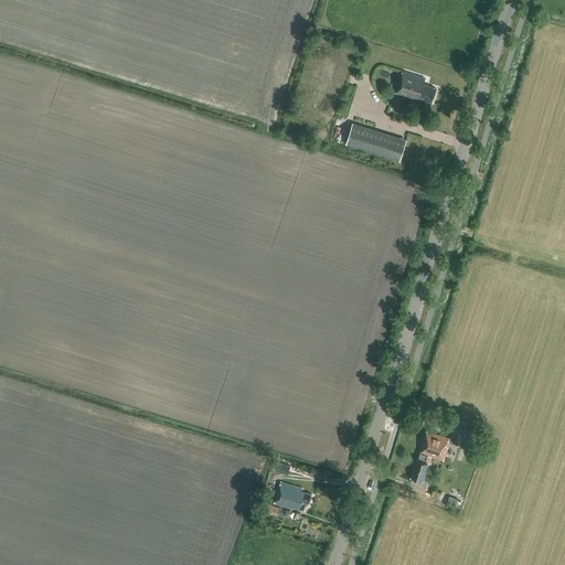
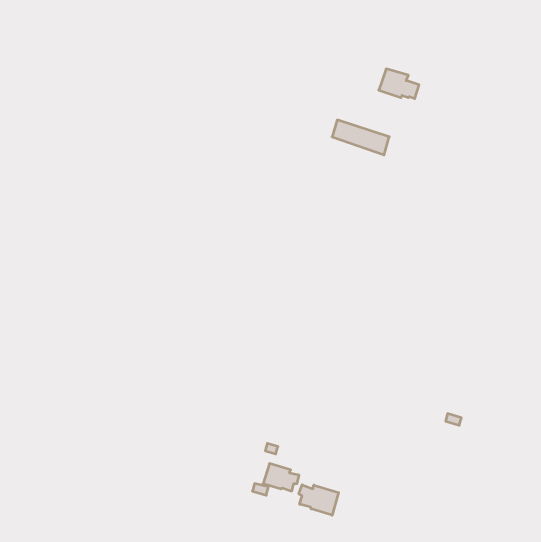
building: [412,431,449,481] -> none
building: none -> [299,485,339,515]

